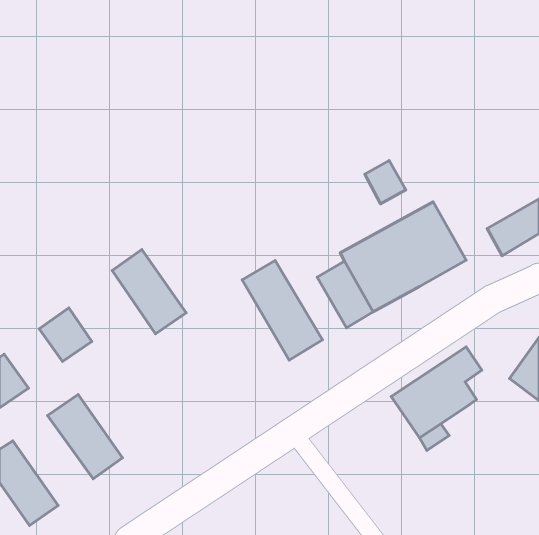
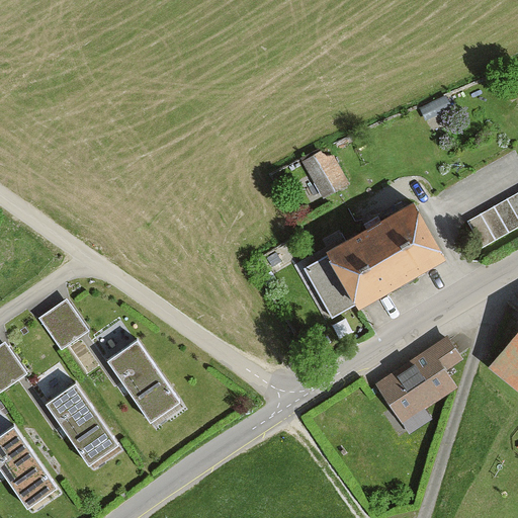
building: [365,160,406,204] -> [306,161,345,202]
building: [112,249,186,334] -> [107,340,178,421]
building: [242,260,323,360] -> none

